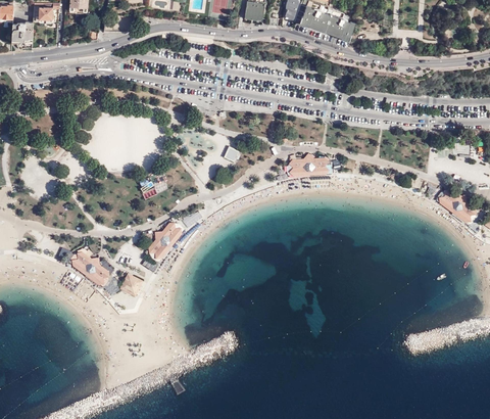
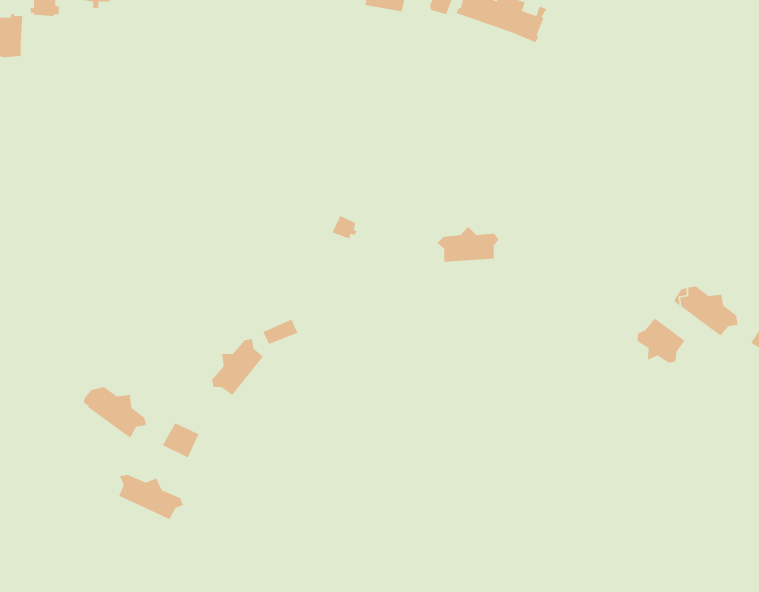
building: none -> [636,317,685,364]
building: none -> [118,474,184,520]

